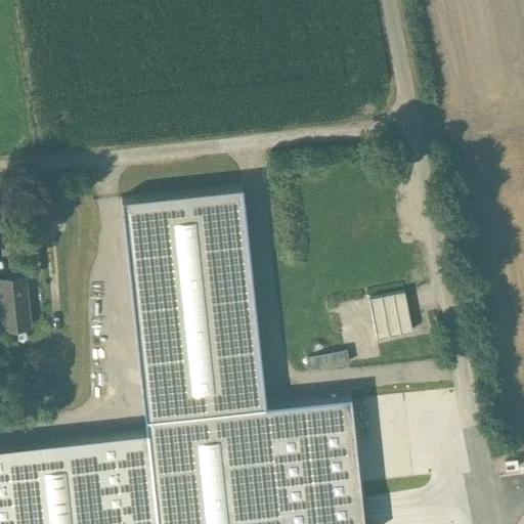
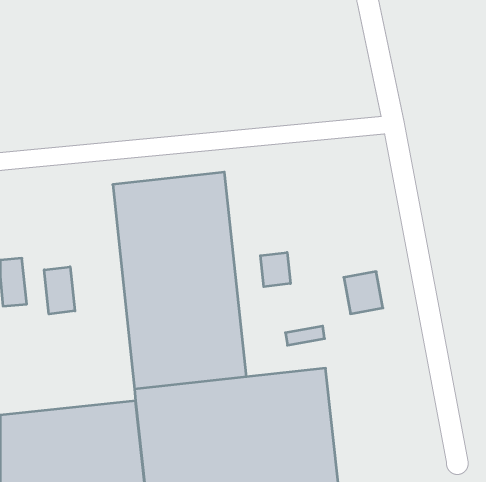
building: none -> [260,252,290,287]
building: none -> [44,267,75,314]

